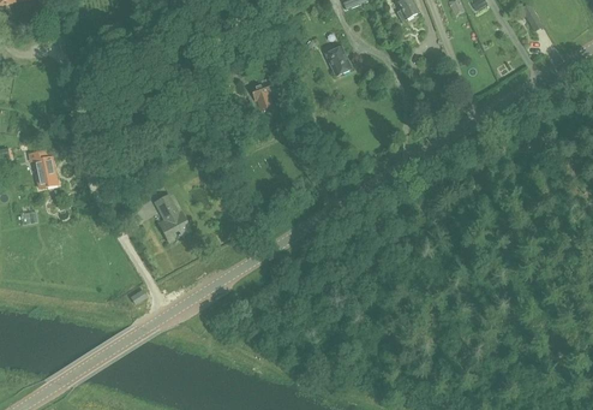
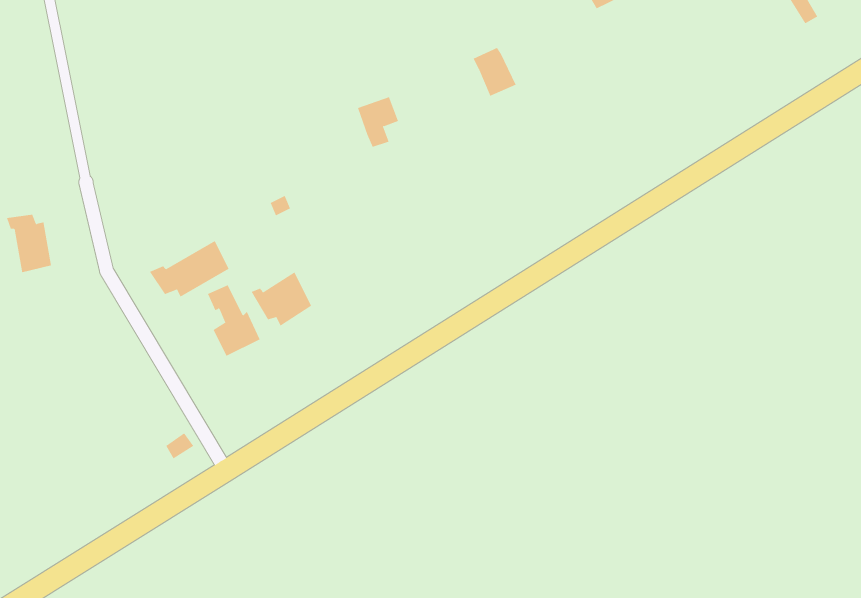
building: none -> [149,240,229,297]
building: none -> [251,271,312,326]

